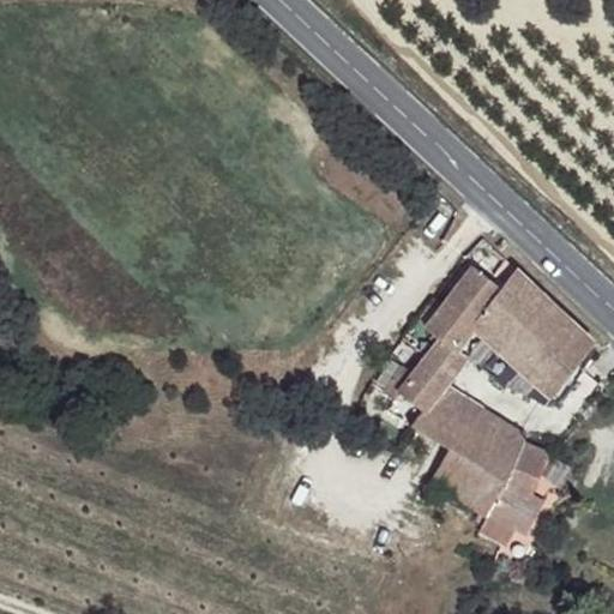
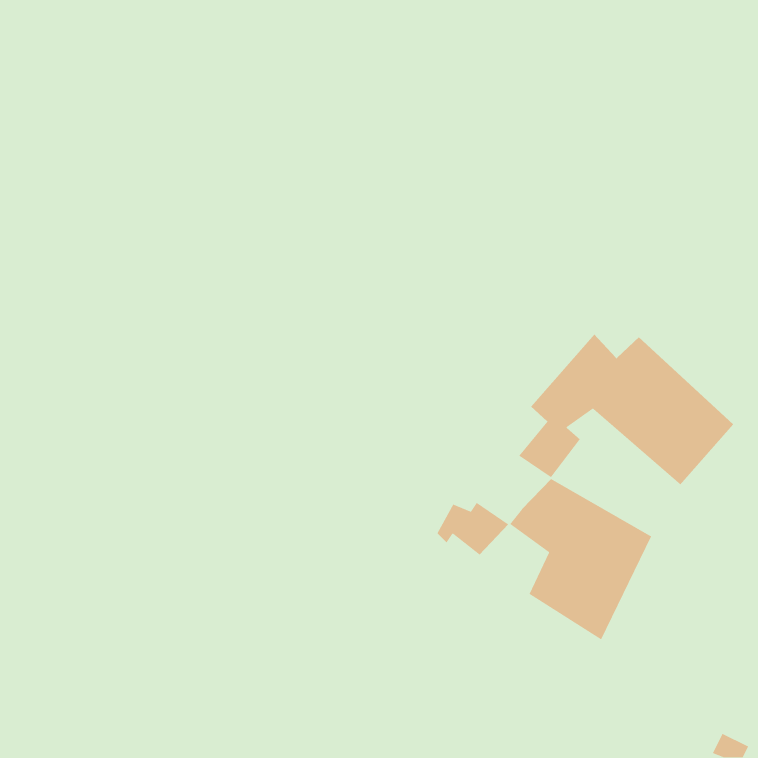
building: [387,367,446,410] -> [436,502,509,555]
building: [481,432,554,553] -> none

